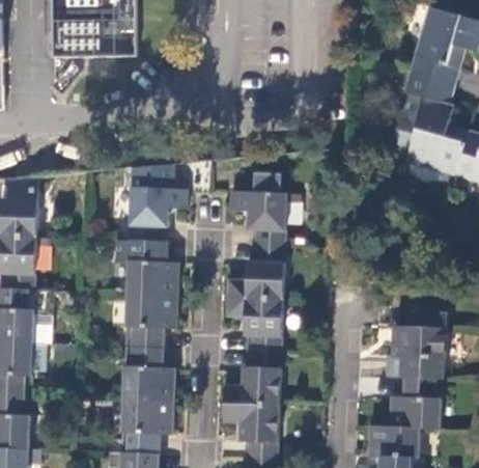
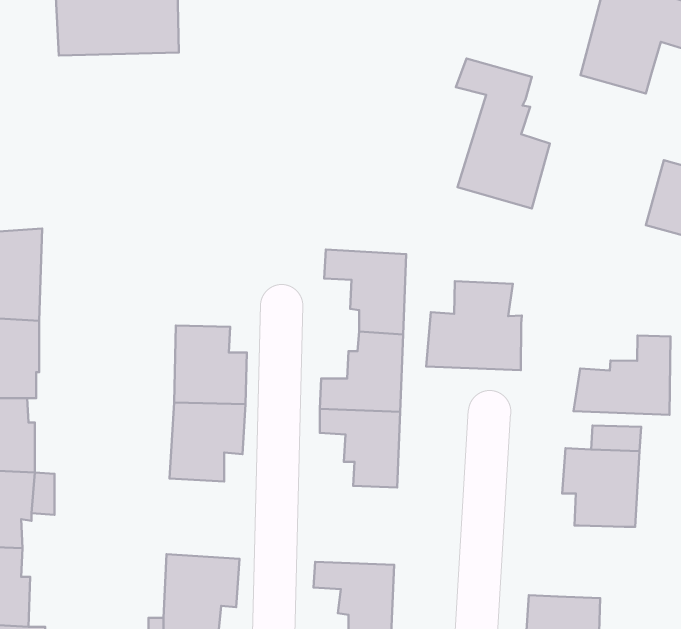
building: [399,71,463,173] -> [456,59,550,209]
building: [130,164,187,243] -> none
building: none -> [426,281,522,370]
building: none -> [574,336,671,415]
building: [123,347,173,402] -> none
building: [225,352,281,406] -> none
building: [391,379,442,430] -> none

